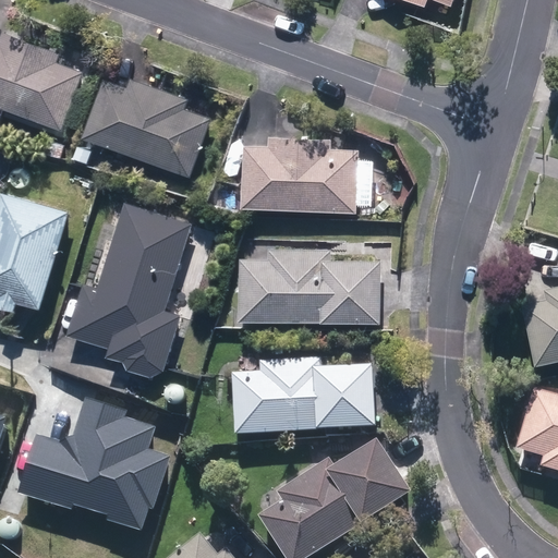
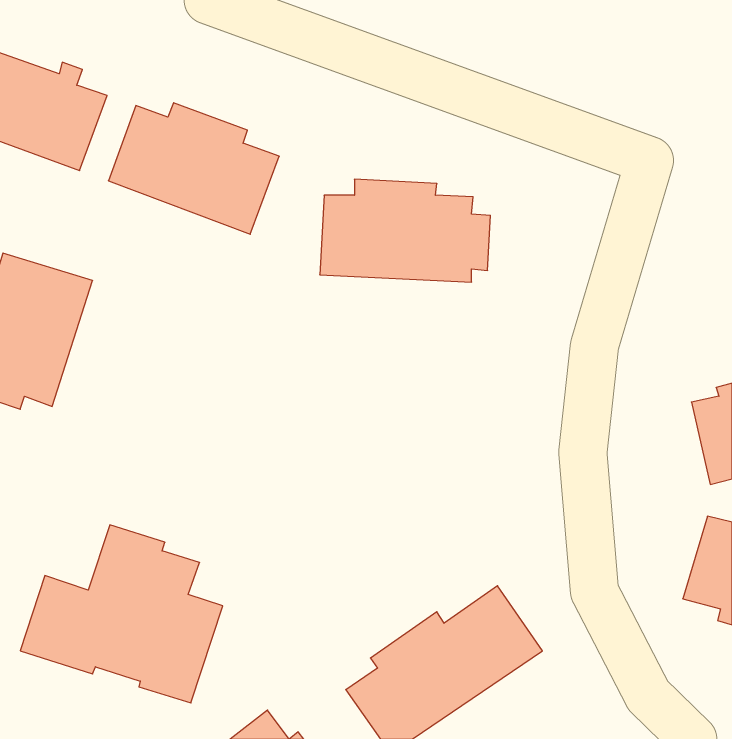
building: [68,204,187,375] -> none
building: [236,247,380,324] -> none
building: [233,361,373,436] -> none

